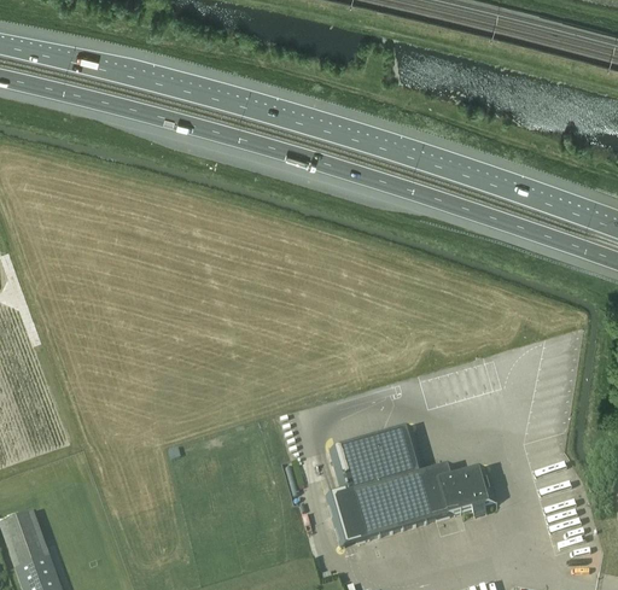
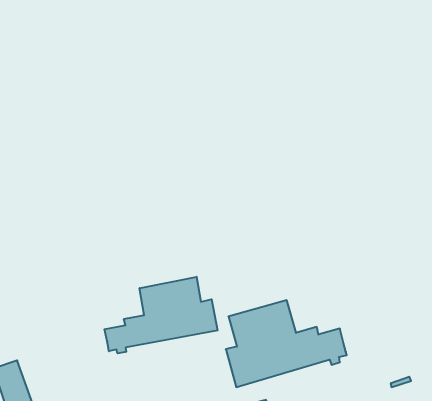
building: none -> [104,277,218,353]

